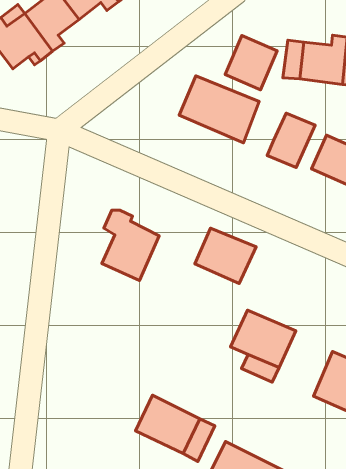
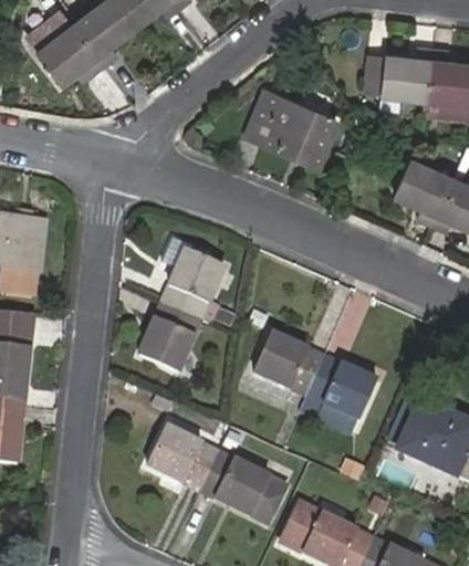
building: [225,35,277,90] -> none
building: [267,113,315,167] -> none
building: [195,228,256,284] -> [254,333,323,395]
building: none -> [138,302,202,373]
building: none -> [148,426,217,489]

